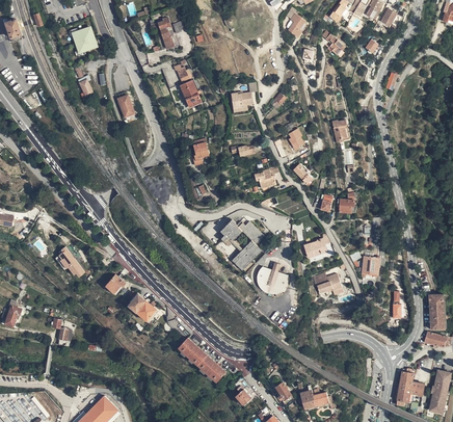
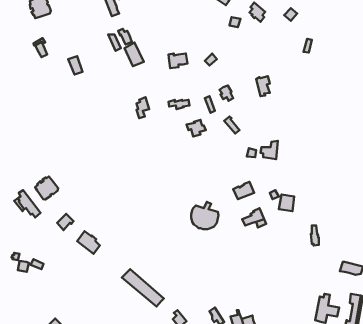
building: [220,220,264,269] -> none
building: none -> [35,176,58,199]
building: [429,292,446,327] -> none

